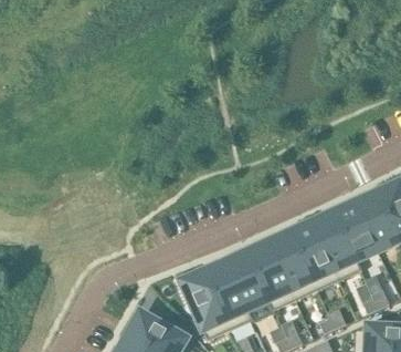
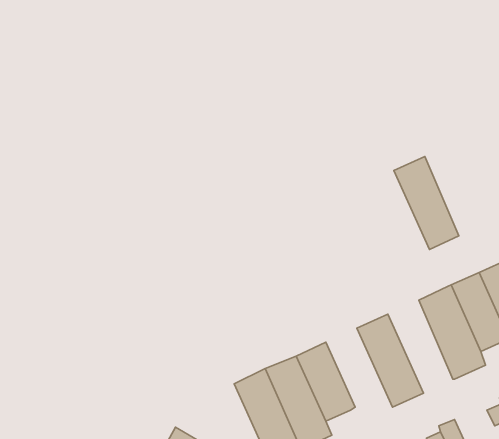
building: [289,219,336,286] -> [394,157,459,250]
building: [245,239,293,306] -> none

